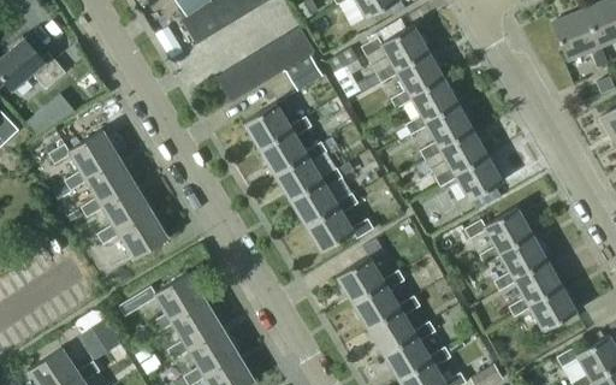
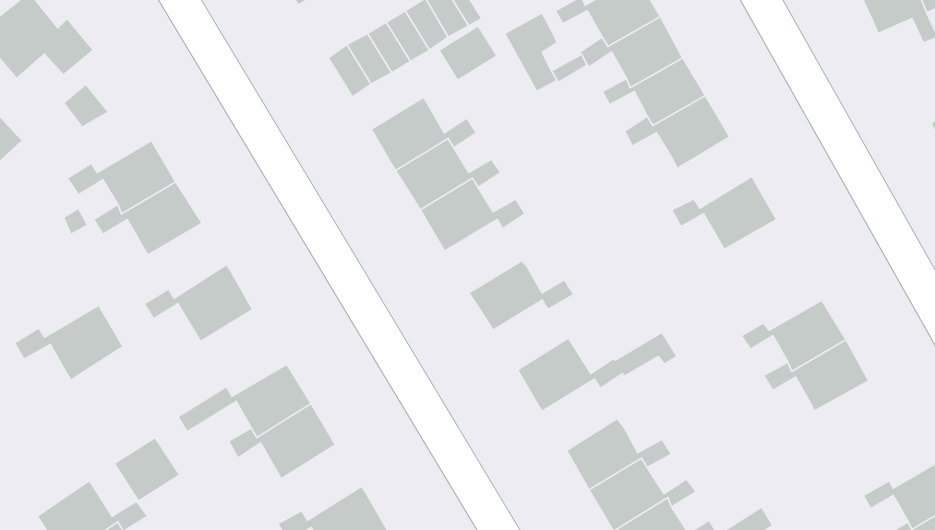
building: [420,128,487,173] -> none
building: [290,180,357,227] -> none
building: [81,183,150,231] -> [14,305,123,380]
building: [466,206,532,251] -> none
building: [353,283,420,328] -> none
building: [510,284,578,331] -> none
building: [167,325,237,373] -> none

